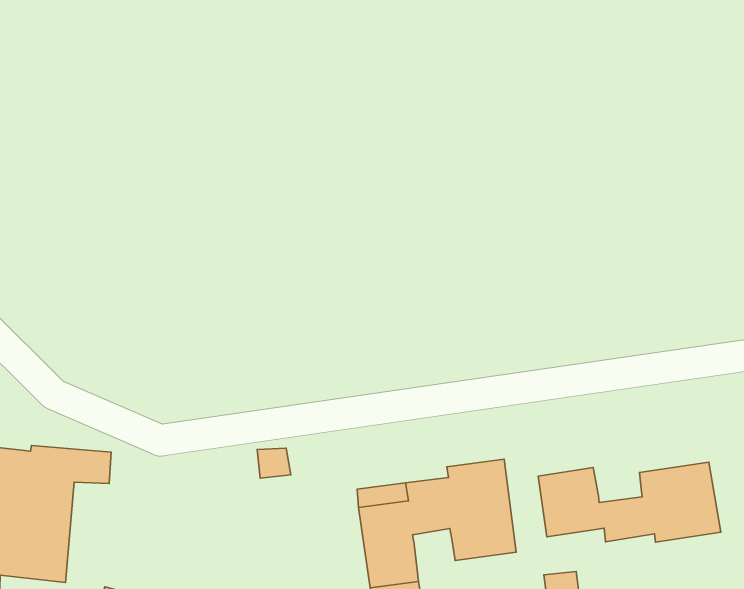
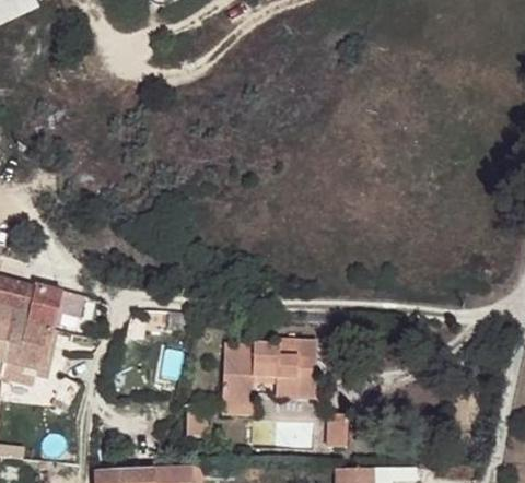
building: [538,462,721,542] -> none

